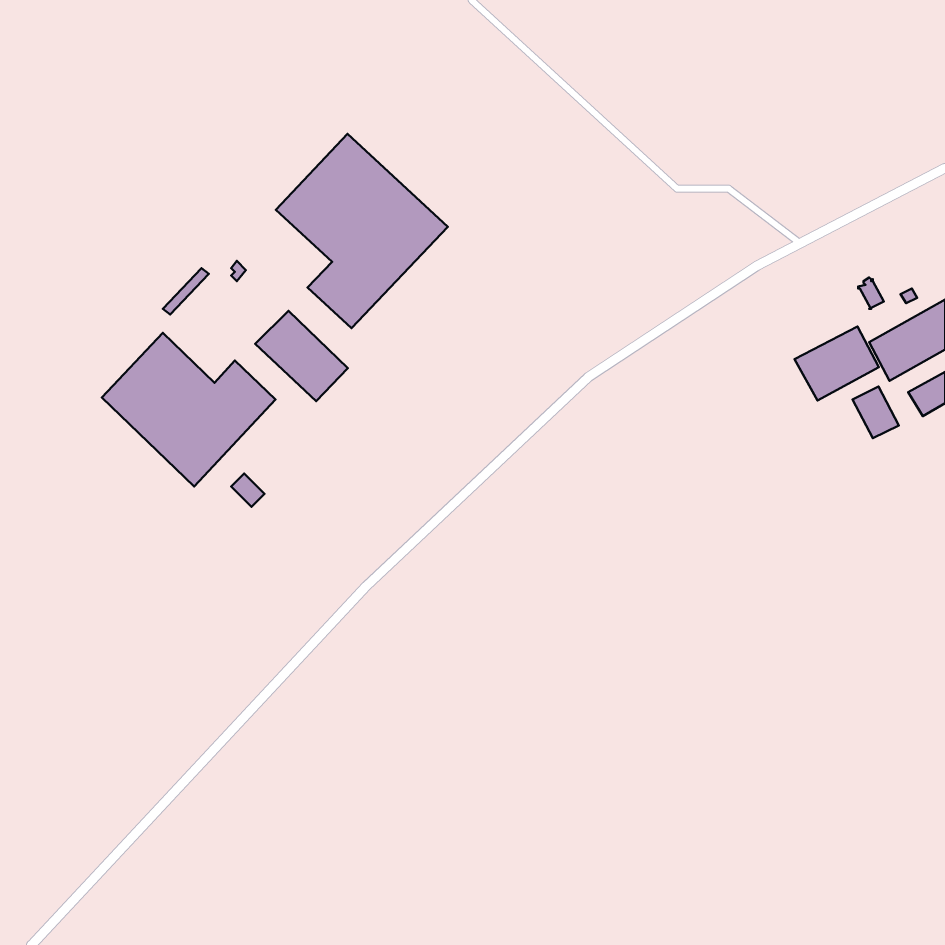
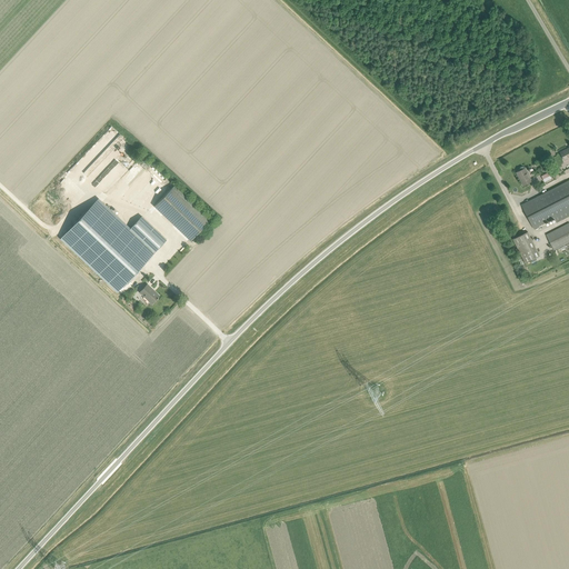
building: [276,134,448,328] -> none
building: [794,326,879,400] -> none

